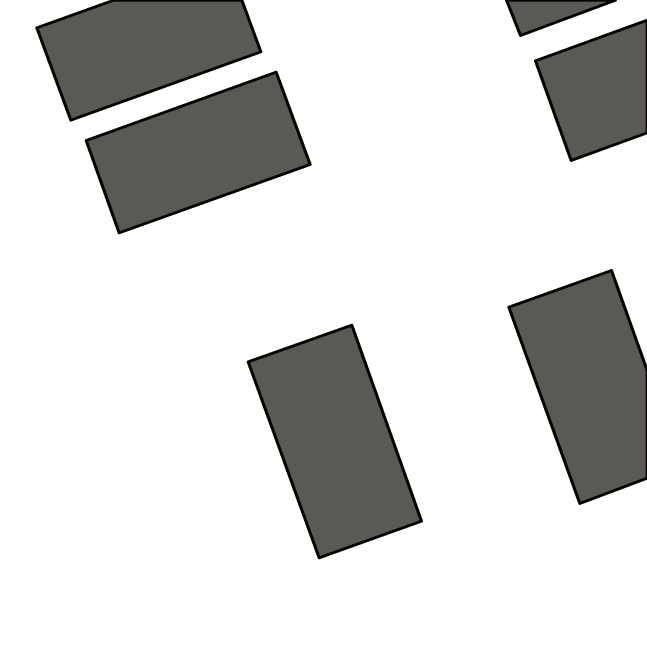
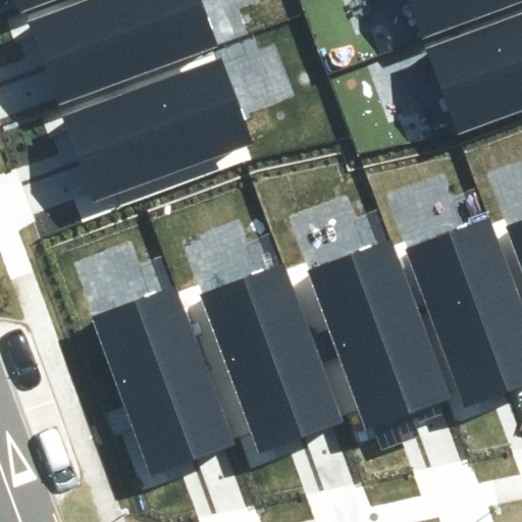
building: none -> [317,241,458,428]
building: none -> [89,288,229,475]

